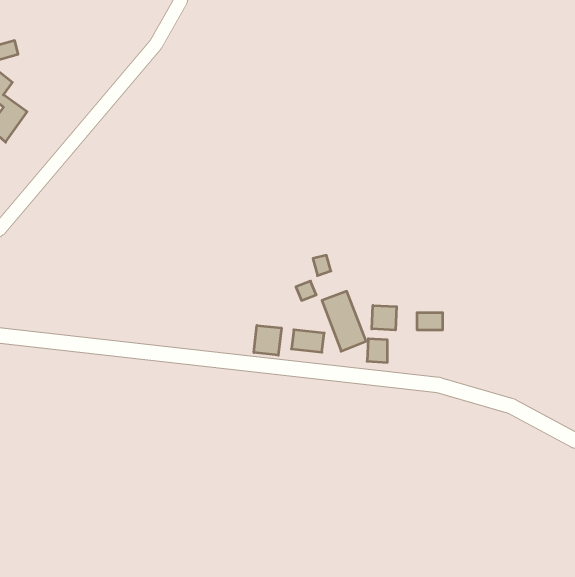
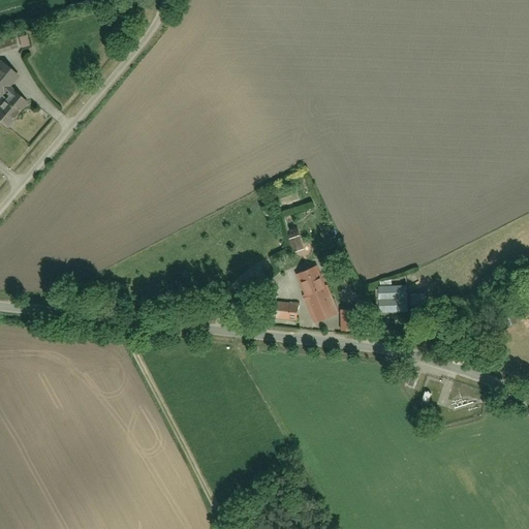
building: [372,305,397,330] -> none
building: [254,325,281,355] -> none

